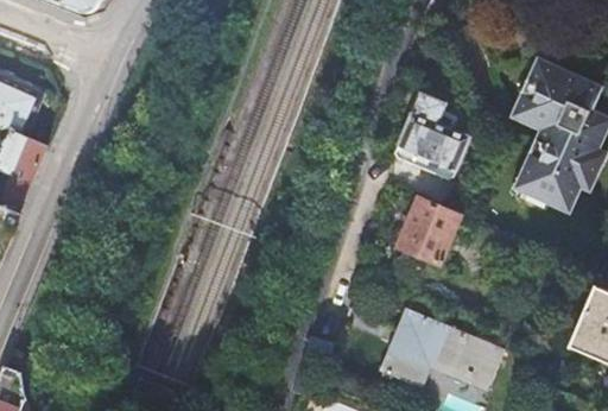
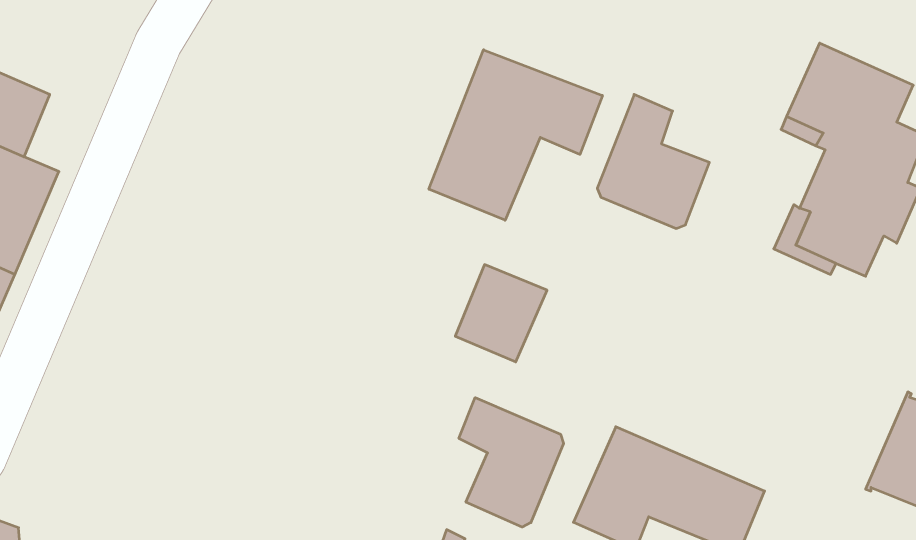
building: none -> [429,50,602,220]
building: [399,200,458,263] -> [455,265,547,362]
building: none -> [459,398,564,527]

